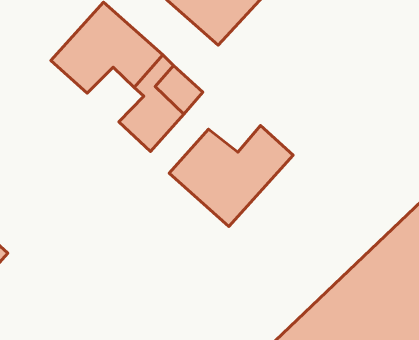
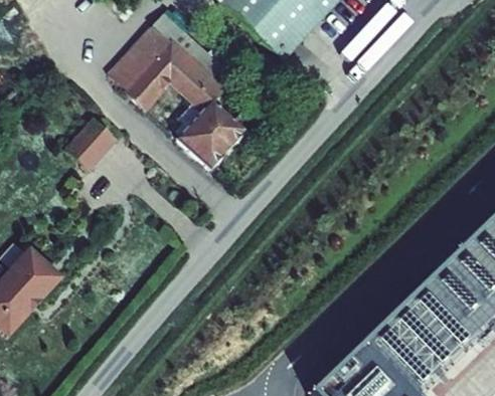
building: none -> [64,113,118,166]
building: [169,125,293,226] -> none

